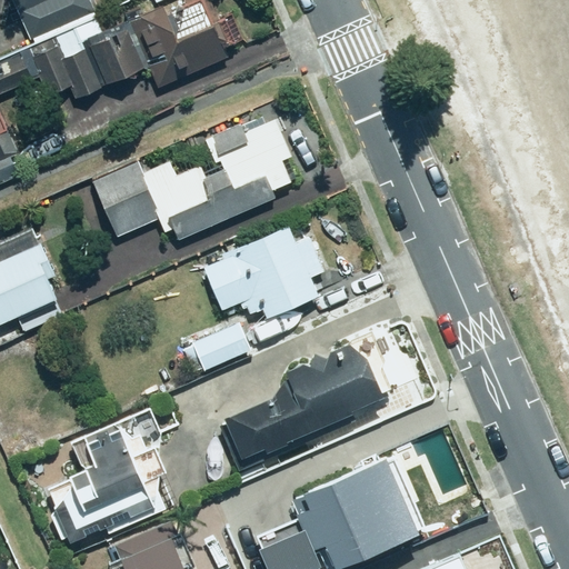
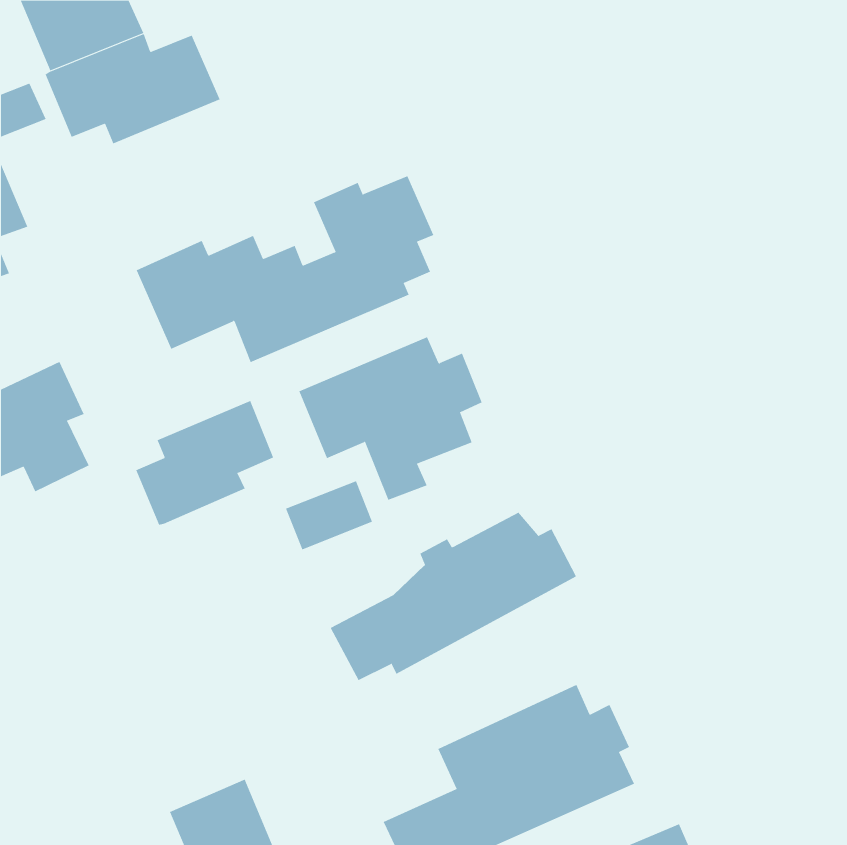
building: [129,8,241,87] -> none
building: none -> [136,400,274,525]
building: [47,399,178,539] -> none

